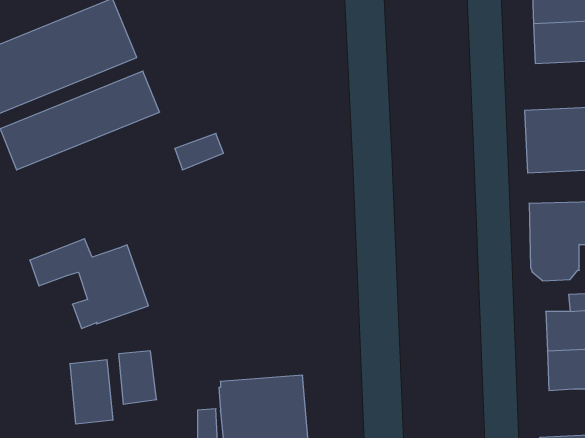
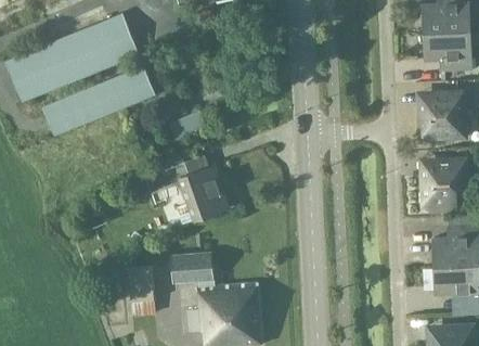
building: [30,239,148,329] -> [146,161,231,225]
building: none -> [172,252,216,281]
building: [70,360,113,424] -> none

